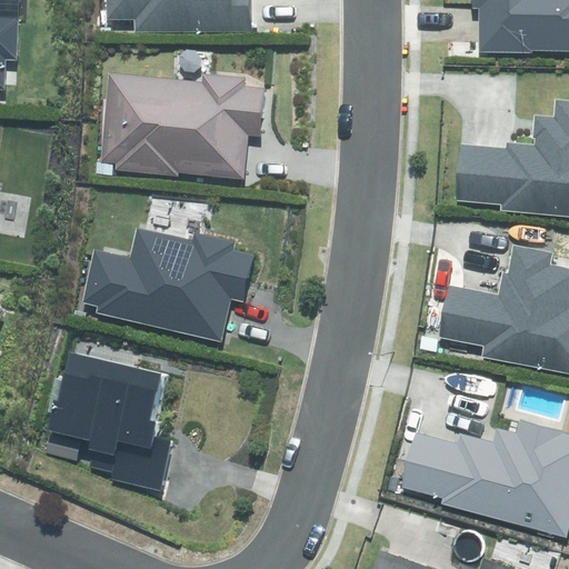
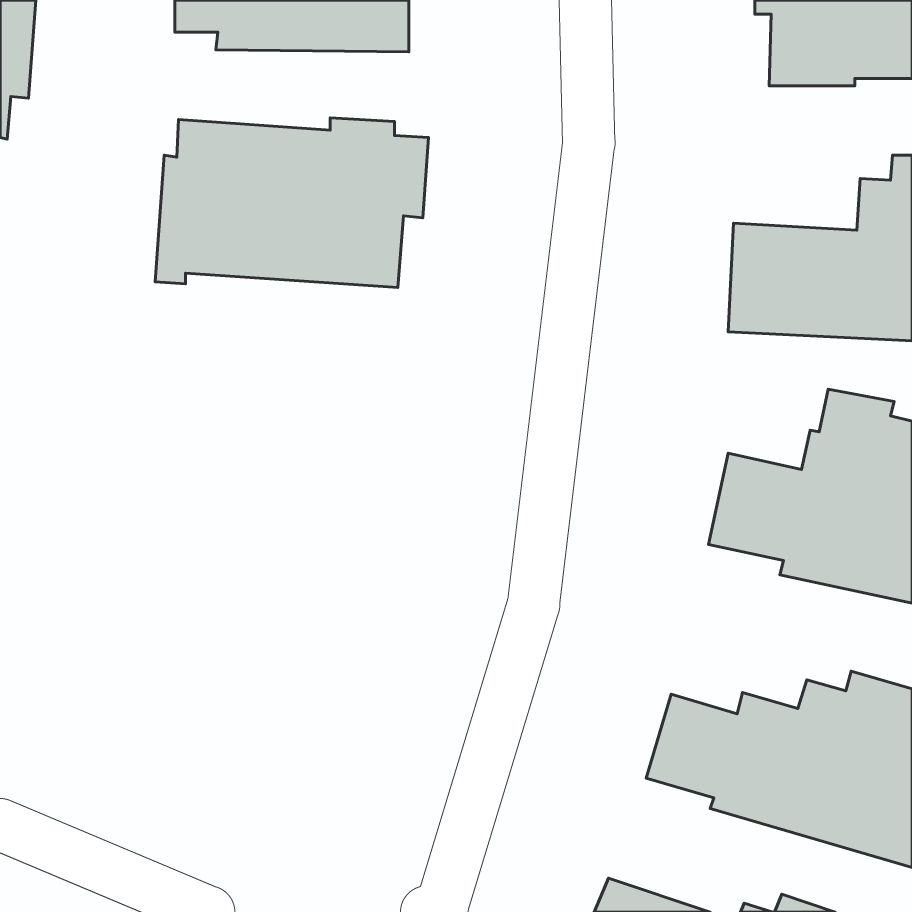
building: [83,229,254,341] -> none
building: [51,345,177,496] -> none

